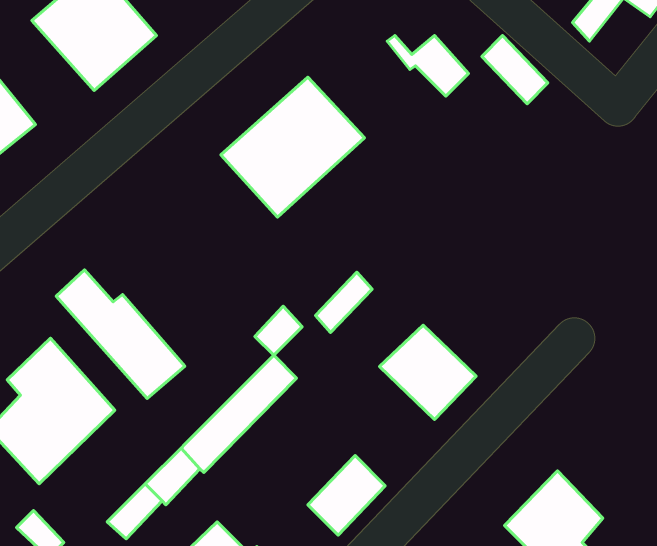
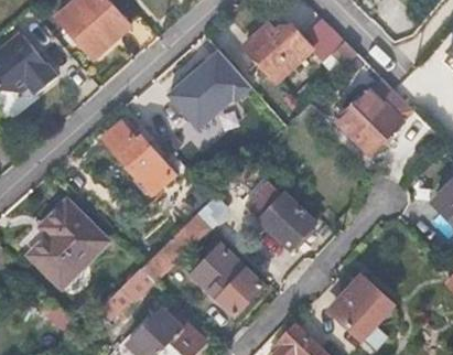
building: none -> [246,28,298,78]
building: none -> [338,76,414,152]
building: [56,270,185,398] -> [104,122,179,197]
building: none -> [191,243,245,298]

